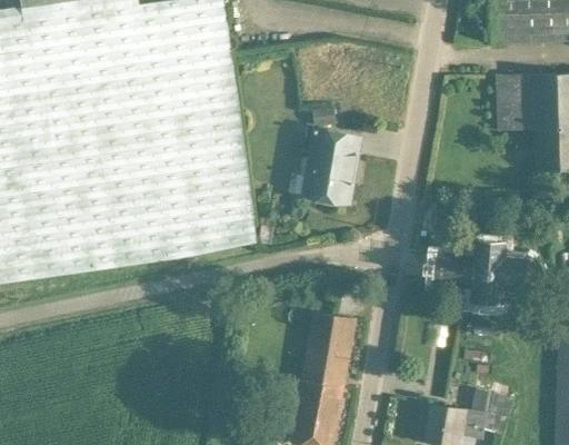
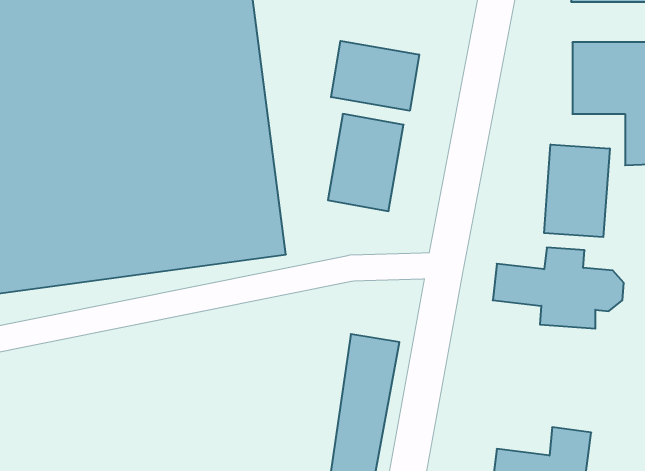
building: none -> [331,41,419,111]
building: none -> [544,144,610,237]

